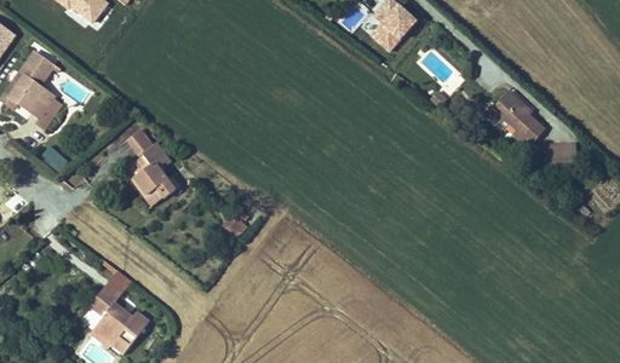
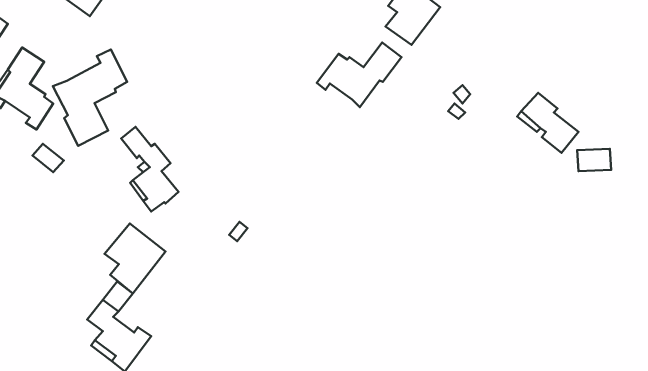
building: none -> [317,43,401,107]
building: none -> [53,49,127,146]
building: none -> [104,223,165,293]

